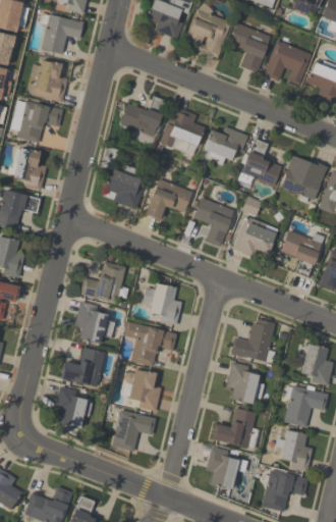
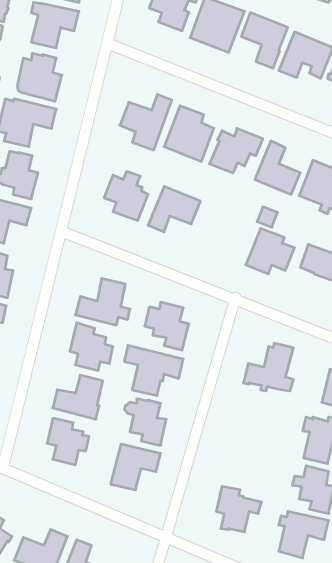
building: [193,197,234,247] -> none
building: [227,361,266,404] -> none
building: [212,408,260,449] -> none

